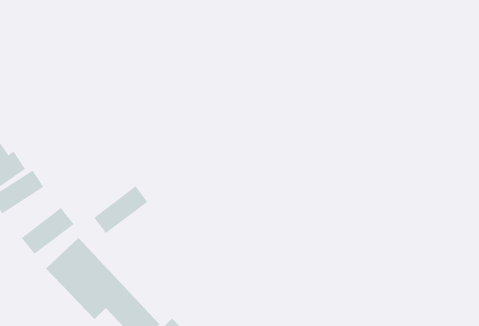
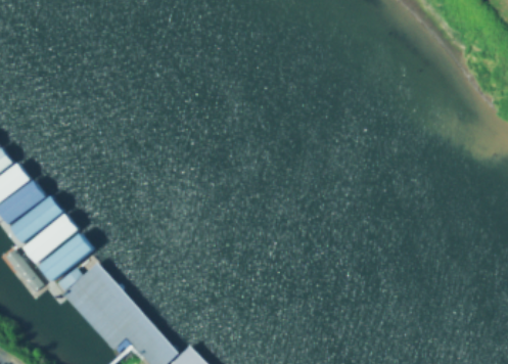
building: [94,186,148,234] -> [22,216,78,265]

